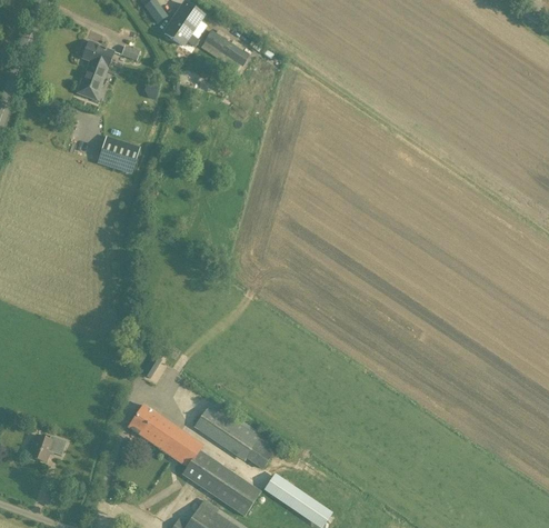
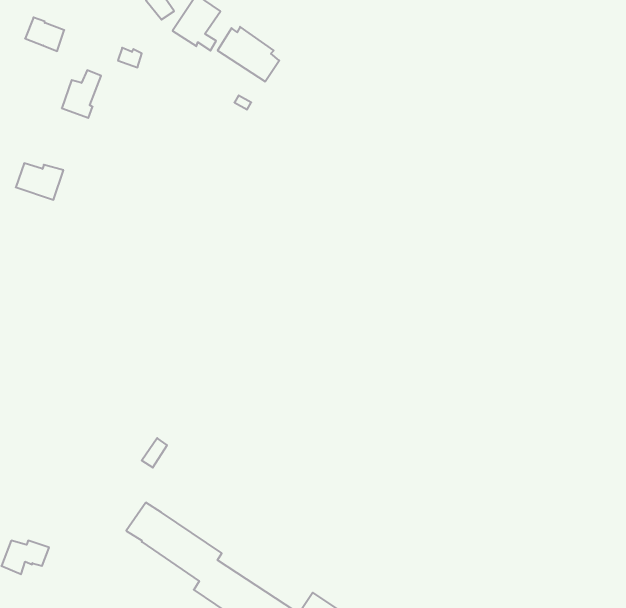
building: [82,41,113,68] -> [25,17,64,51]
building: [100,143,138,172] -> [16,163,63,200]
building: [193,400,278,469] -> none

